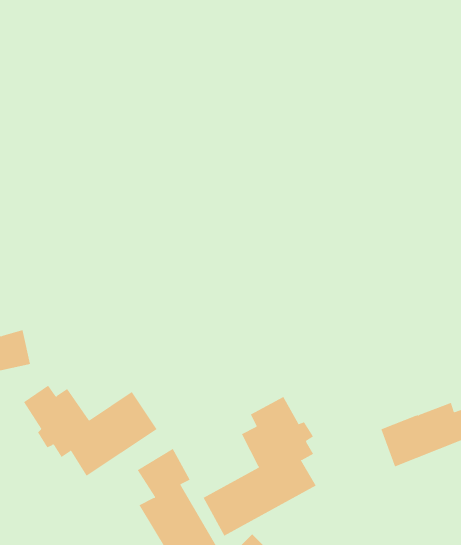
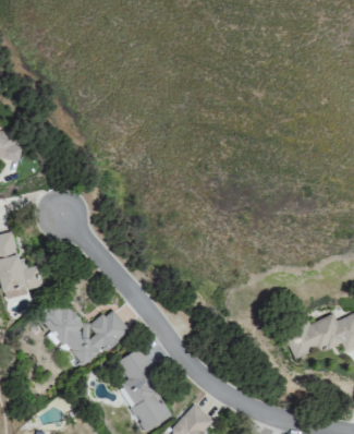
building: [203,396,317,537] -> none

